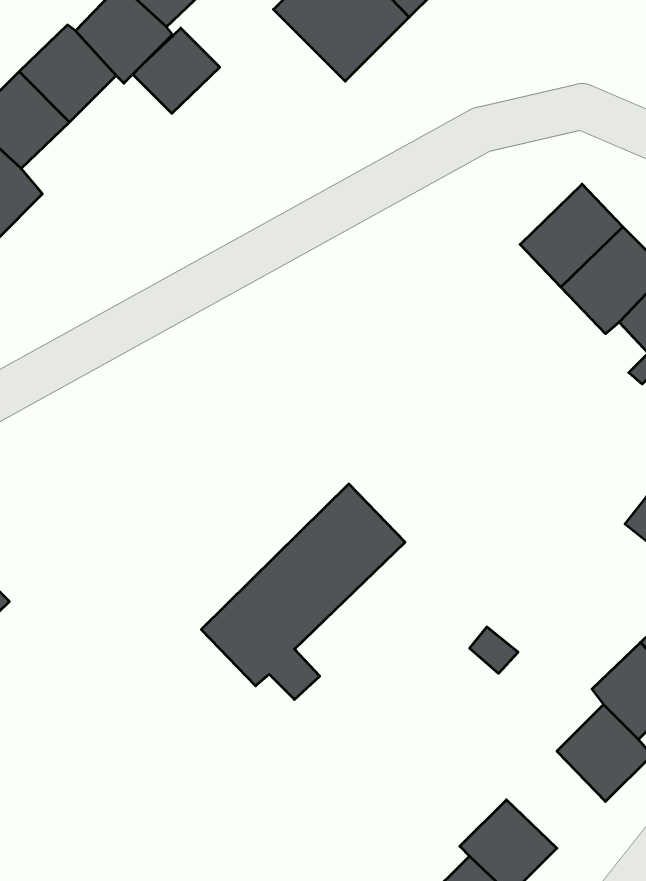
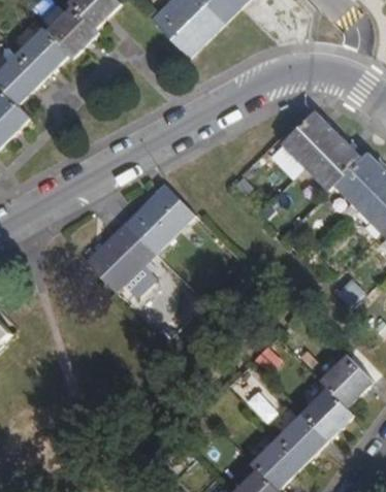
building: [133,28,220,113] -> none
building: [201,484,405,700] -> [86,185,194,299]
building: none -> [276,413,328,464]

